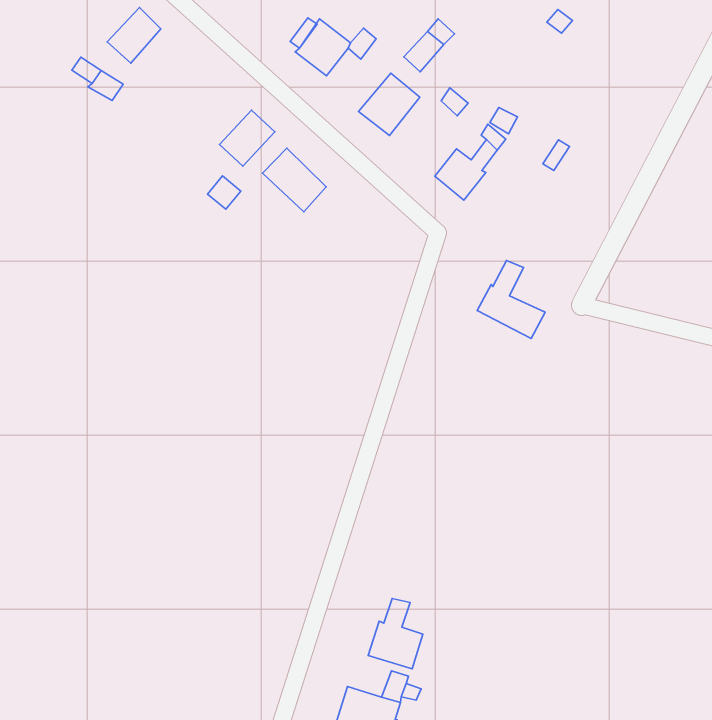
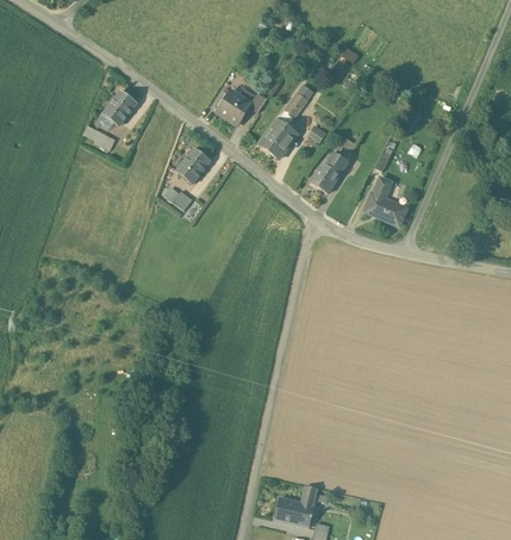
building: [263,148,326,212] -> none
building: [477,260,545,338] -> [364,178,406,224]
building: [368,599,423,669] -> none

